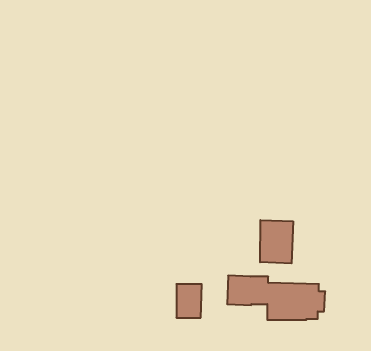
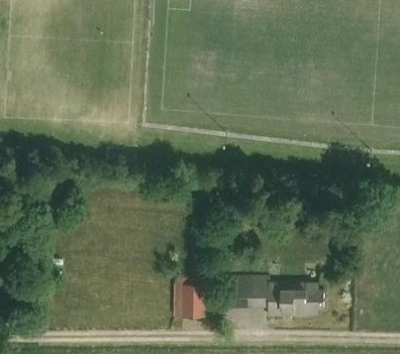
building: [260,220,293,263] -> none

